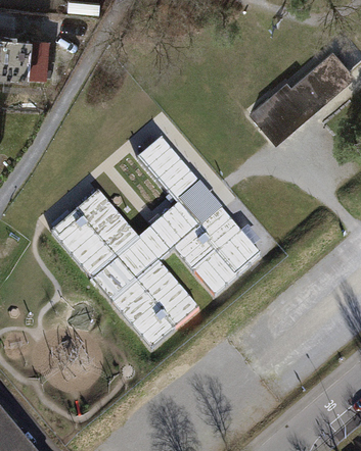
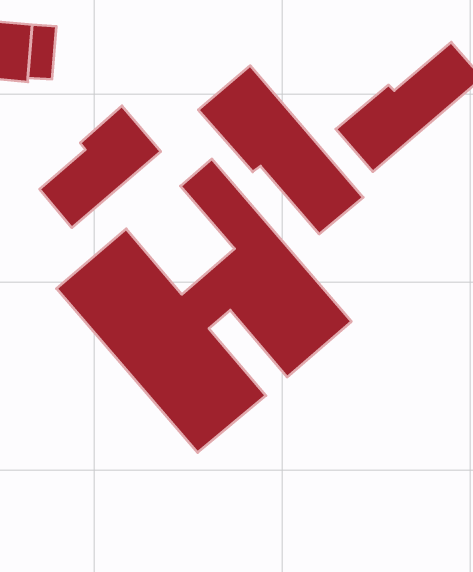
building: none -> [198,66,363,234]
building: none -> [40,106,161,228]

